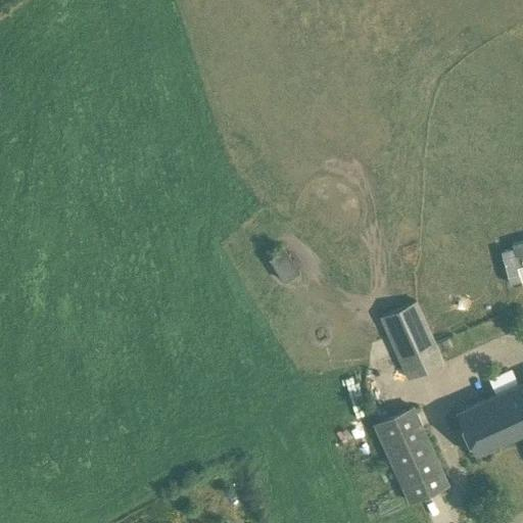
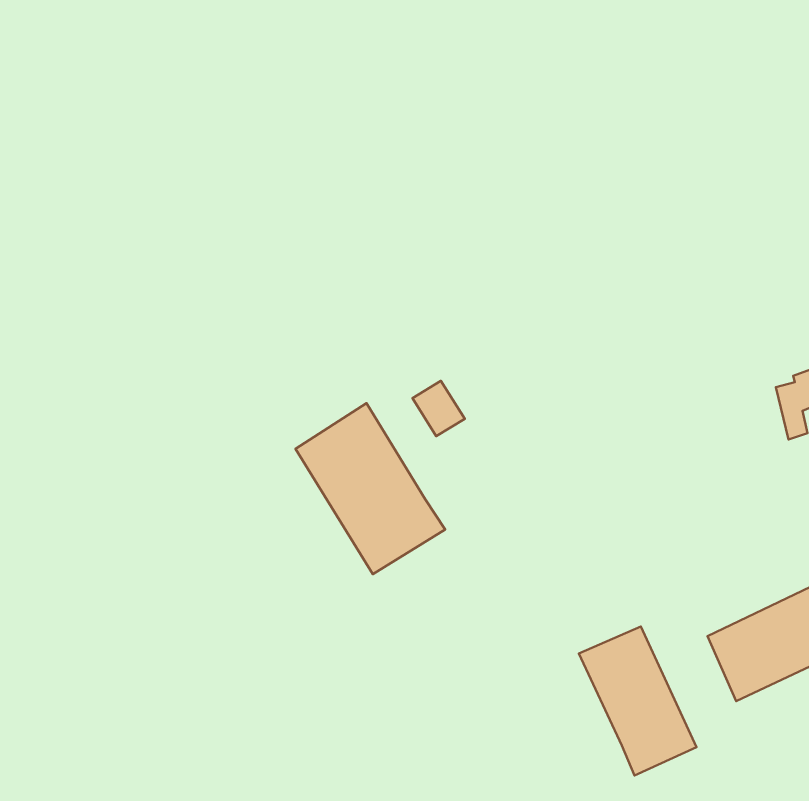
building: none -> [295,403,445,574]
building: [381,304,444,380] -> none

